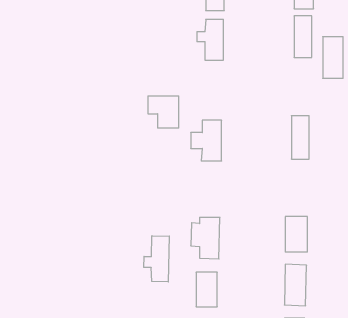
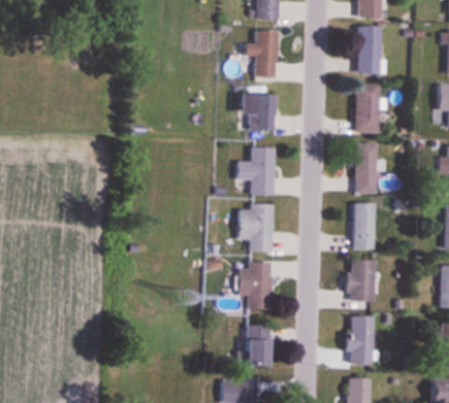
building: [323,37,343,78] -> [356,85,380,133]
building: [148,96,179,128] -> [238,94,275,131]
building: none -> [239,203,274,251]
building: none -> [354,203,375,248]
building: [144,236,169,282] -> none

